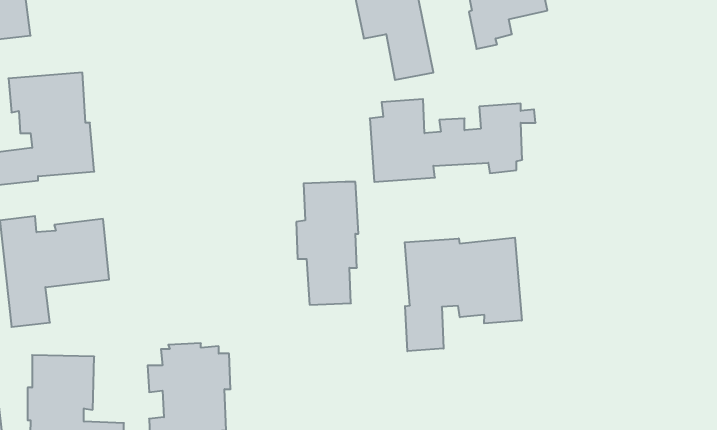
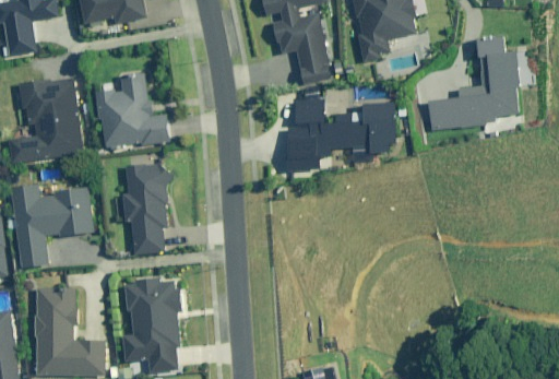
building: none -> [429,34,523,130]
building: none -> [94,74,168,147]
building: [296,182,358,305] -> [122,164,168,254]
building: [405,238,522,351] -> none

